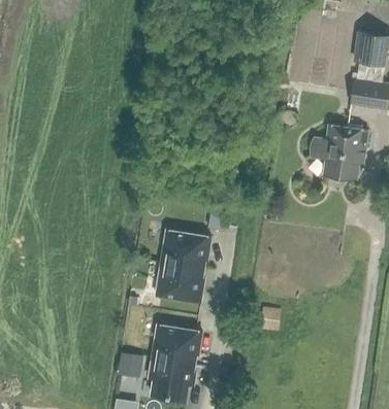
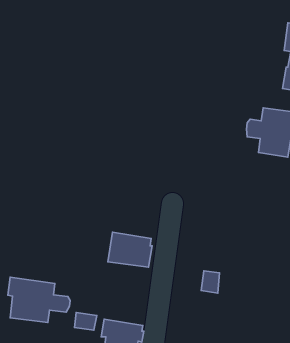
building: [161,230,212,270] -> none
building: none -> [8,277,70,322]
building: [152,326,202,367] -> none

